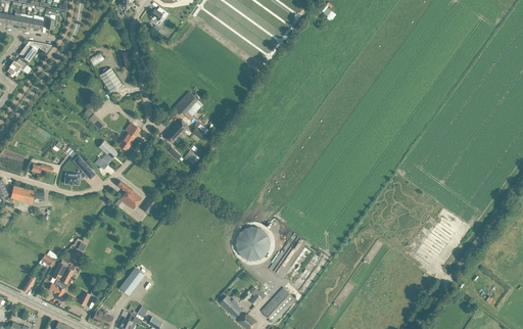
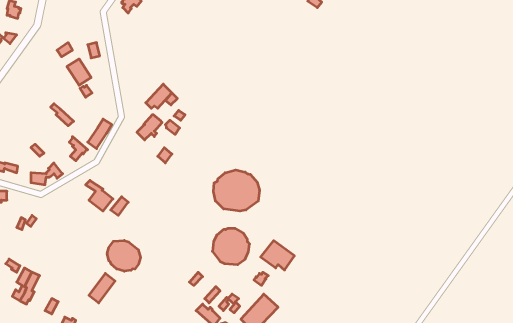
building: none -> [213,170,259,211]
building: none -> [107,240,141,271]

